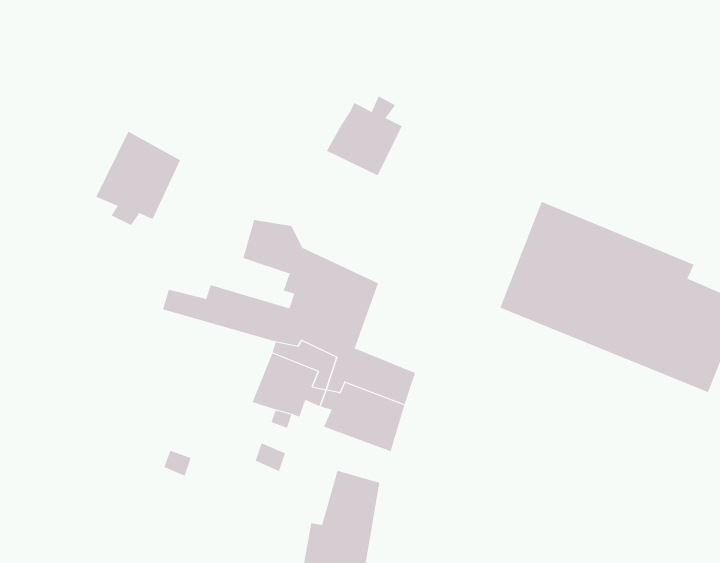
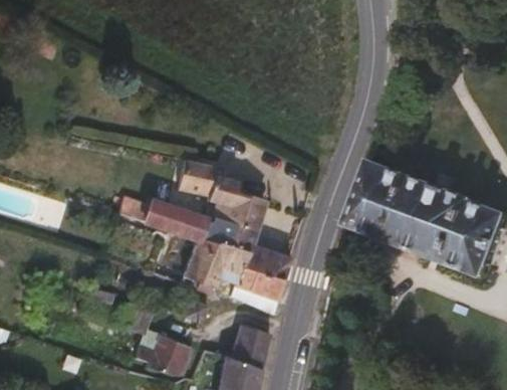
building: [326,96,403,176] -> none
building: [95,131,181,226] -> none
building: none -> [135,338,191,378]

